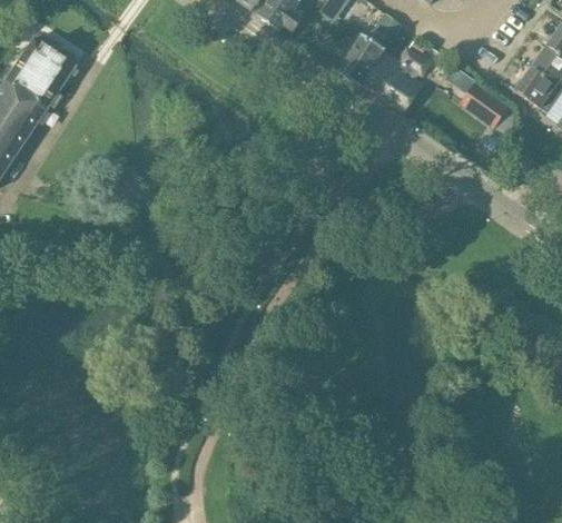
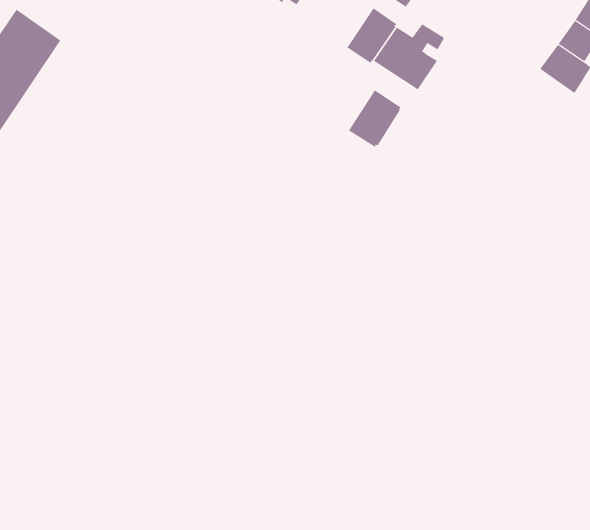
building: [460,81,506,125] -> none
building: none -> [348,90,402,148]

